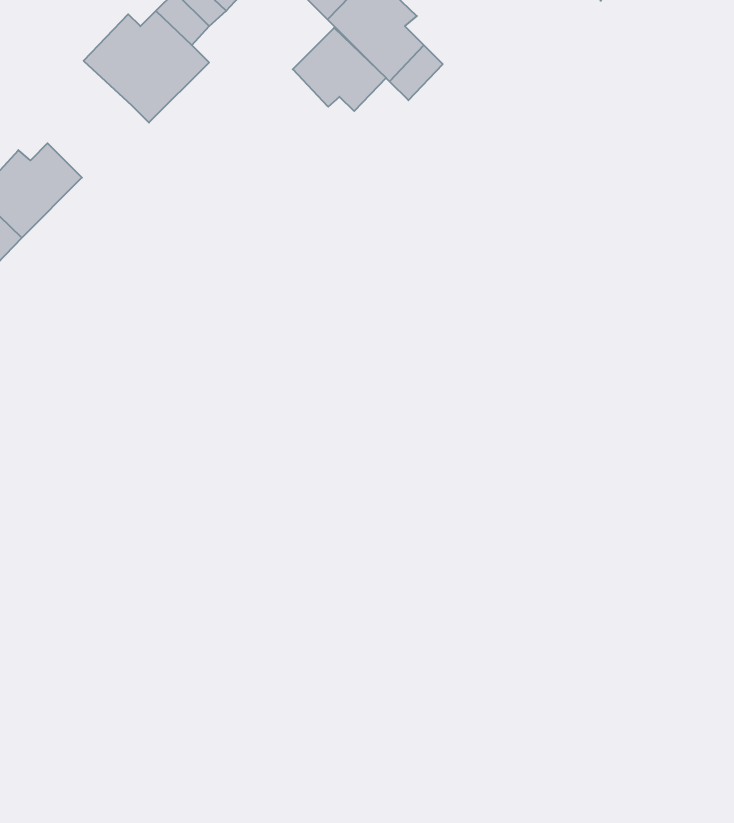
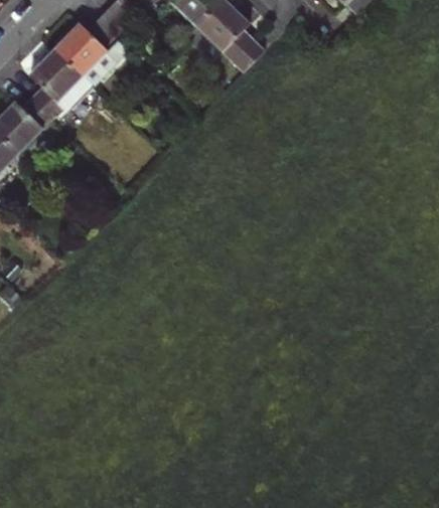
building: [293,28,386,111] -> none
building: none -> [27,48,91,117]

